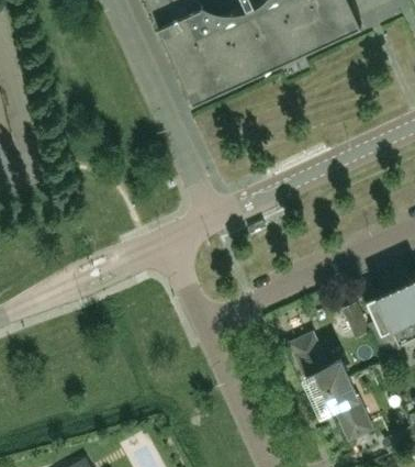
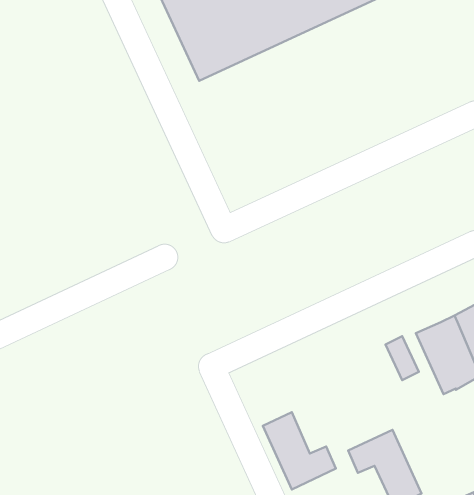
building: [290,336,348,398] -> [263,412,336,489]

